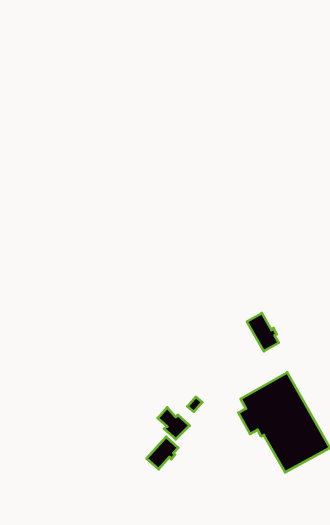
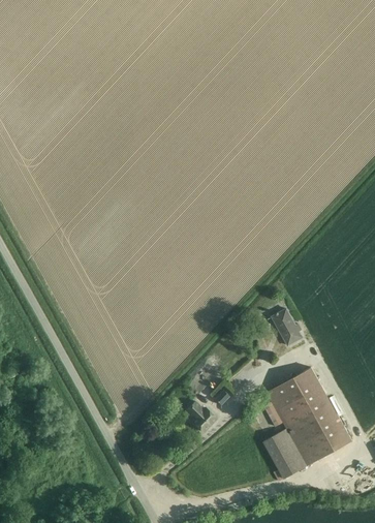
building: none -> [263,428,309,481]
building: [147,437,178,469] -> none

